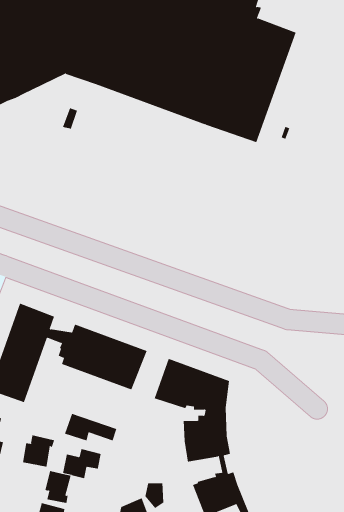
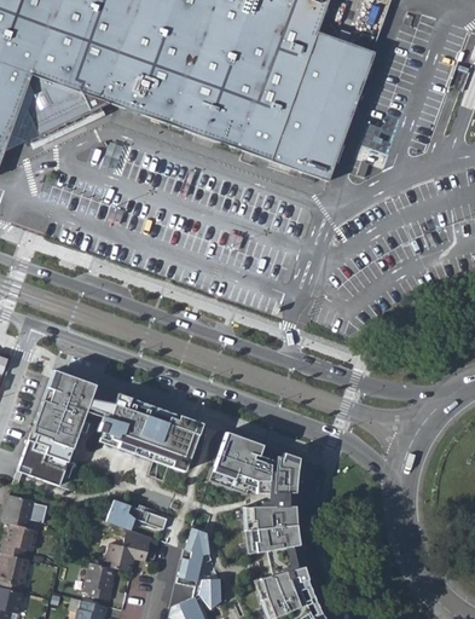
building: [23,435,55,468] -> none
building: none -> [178,526,212,585]

